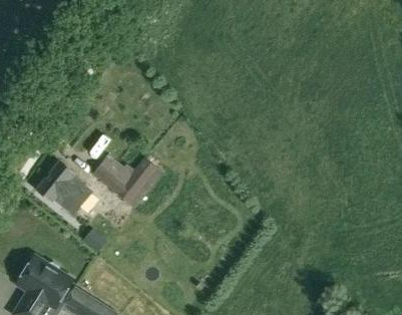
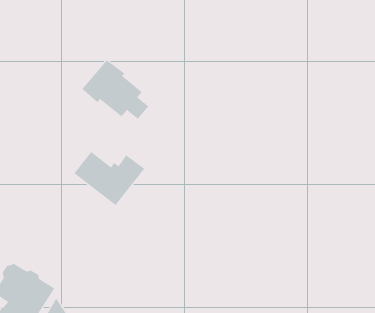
building: [37,164,99,219] -> [82,59,149,119]

